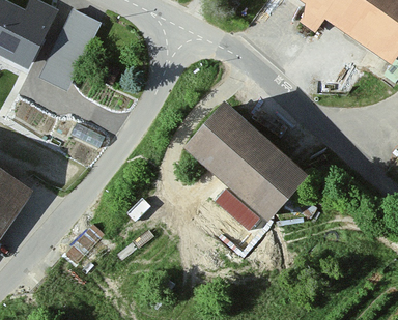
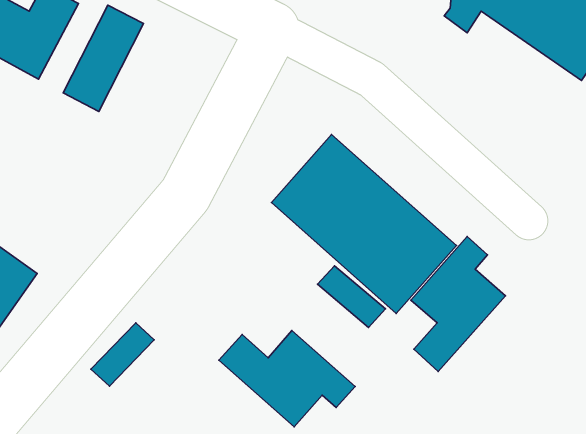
building: none -> [411,237,505,371]
building: none -> [219,330,355,427]

